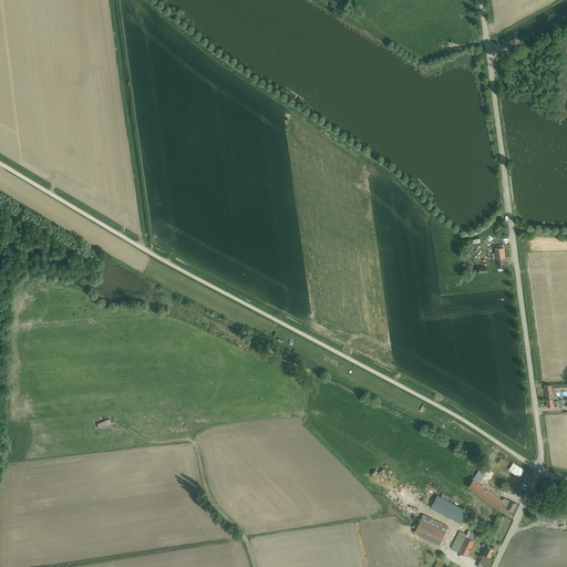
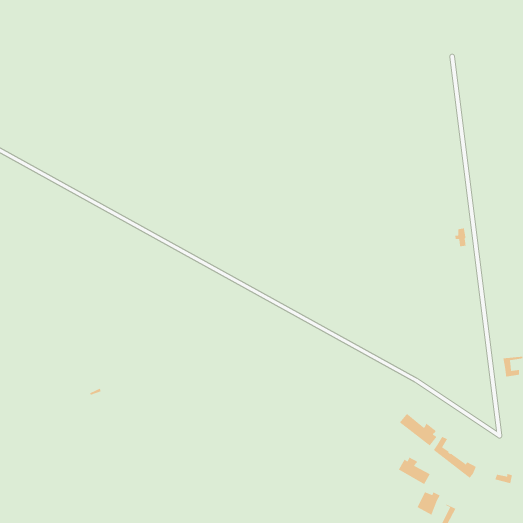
building: none -> [399,413,438,446]
building: [413,515,447,546] -> none

